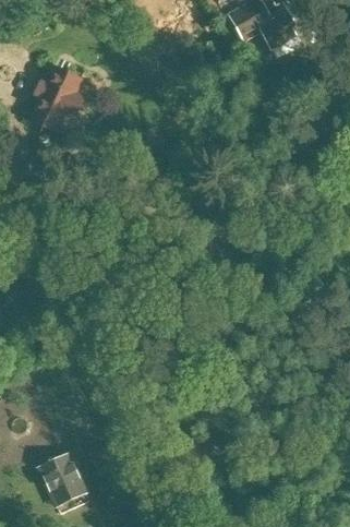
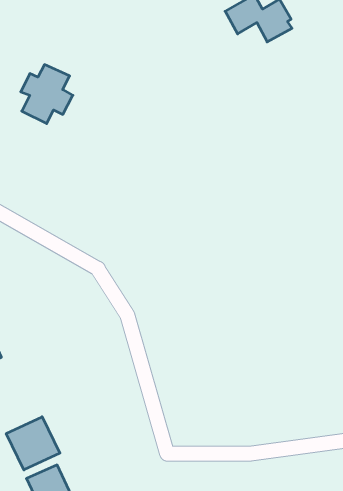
building: none -> [6,417,60,470]

